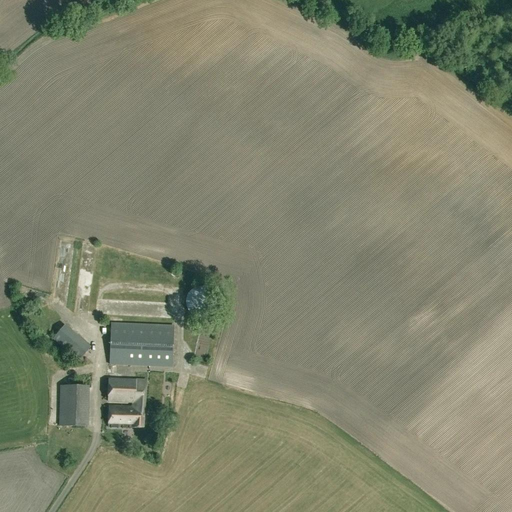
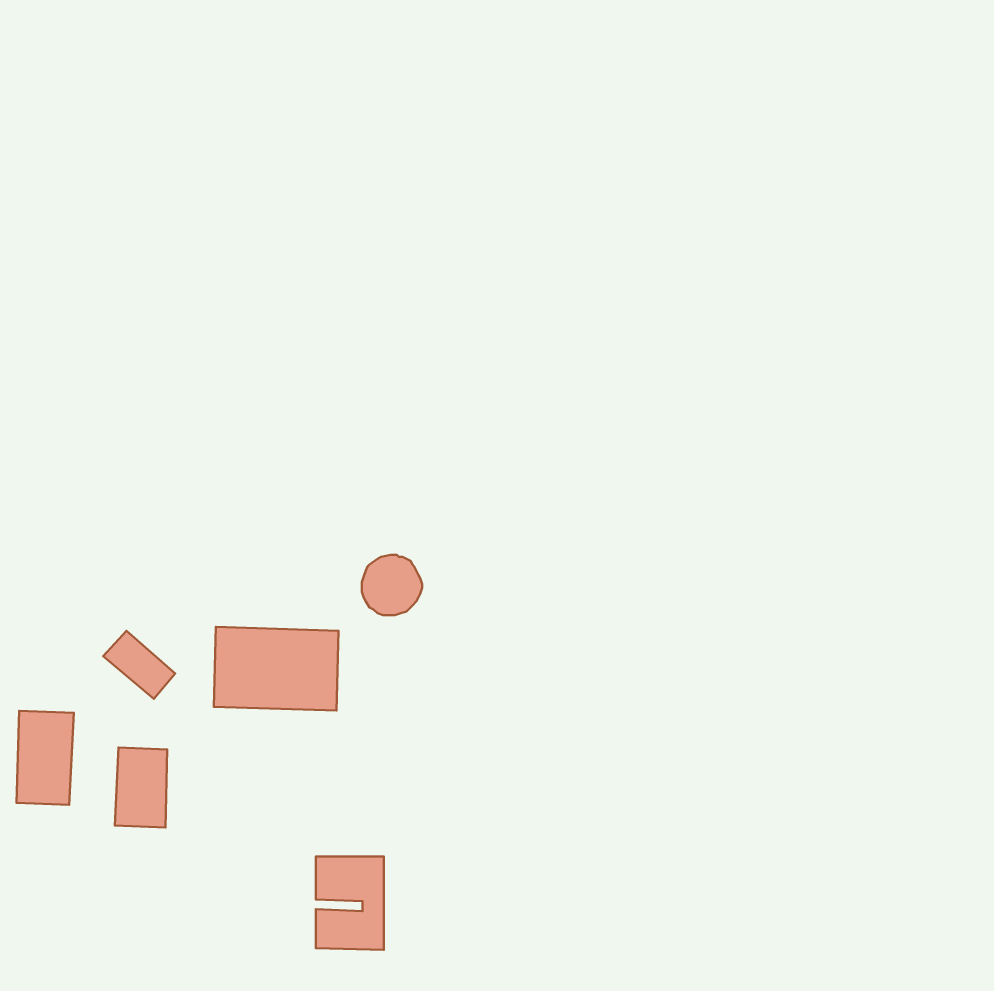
building: none -> [17,711,74,805]
building: [109,378,144,426] -> [316,857,384,950]

